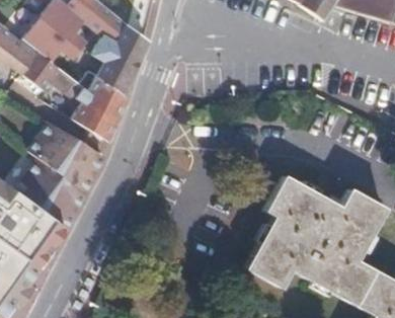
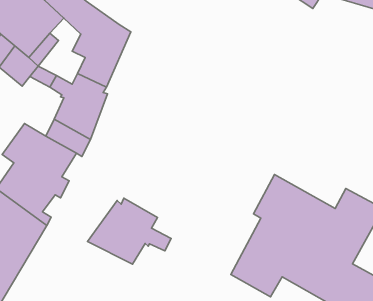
building: none -> [87,198,171,264]

